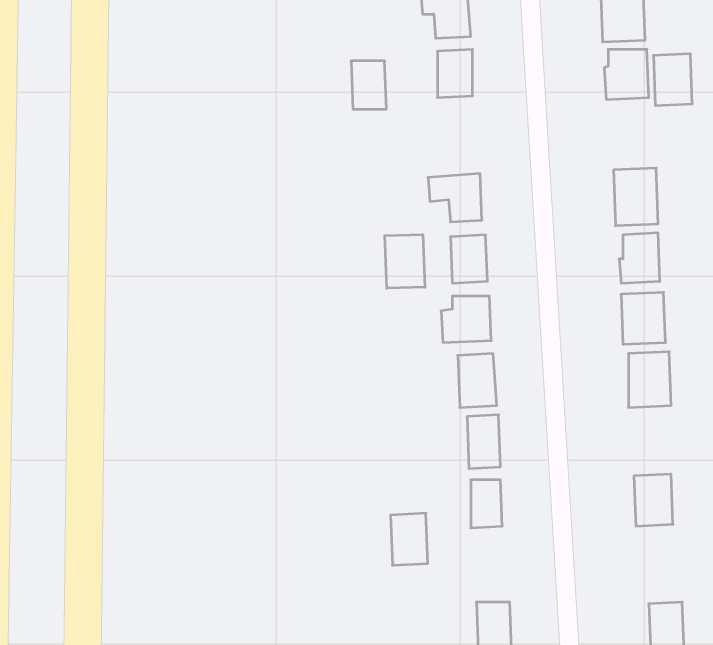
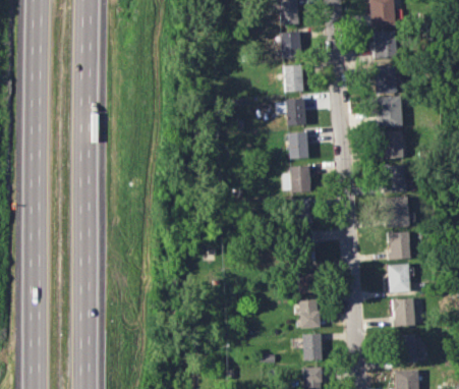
building: [653,54,692,106] -> [375,65,396,94]
building: [351,61,386,109] -> [284,65,303,92]
building: [385,235,425,288] -> none
building: none -> [389,231,410,259]
building: [391,513,428,565] -> [299,299,320,328]
building: none -> [393,298,415,327]

